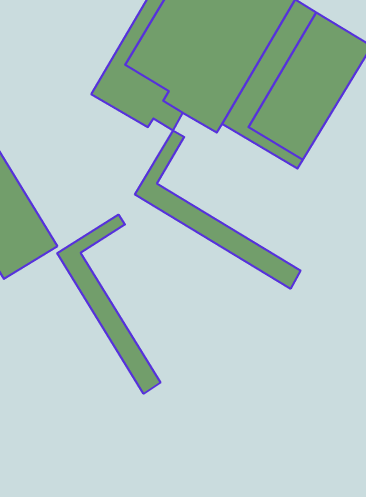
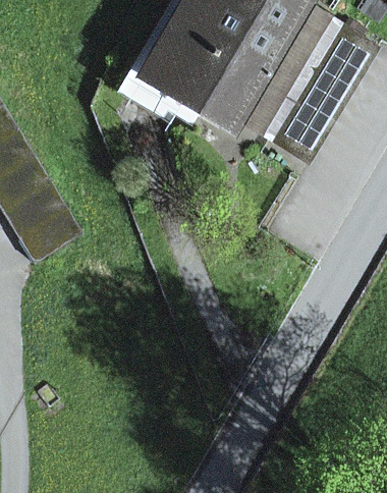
building: [135,130,300,289] -> none
building: [57,215,160,394] -> none

